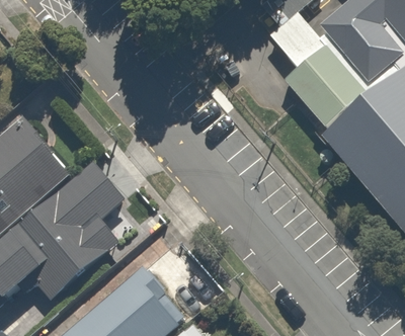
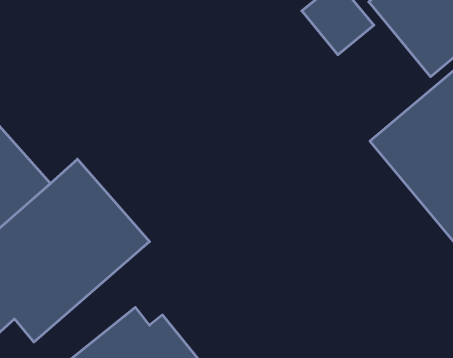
building: [285,50,368,132] -> none

